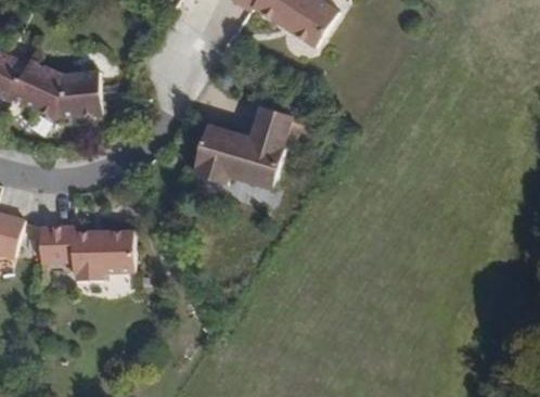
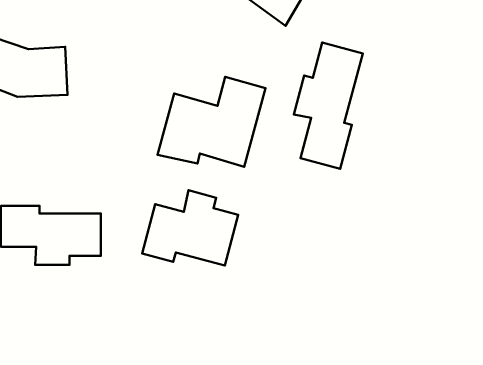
building: none -> [294,43,363,169]
building: none -> [142,190,238,266]

